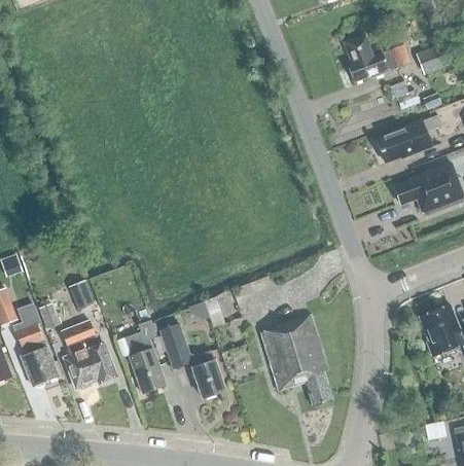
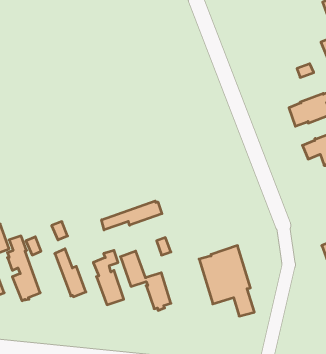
building: [345,34,408,81] -> none
building: none -> [102,201,162,230]
building: [61,326,96,388] -> none

